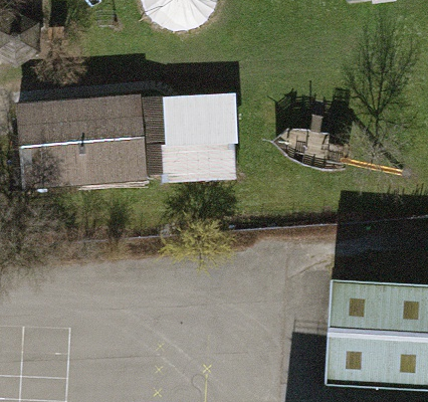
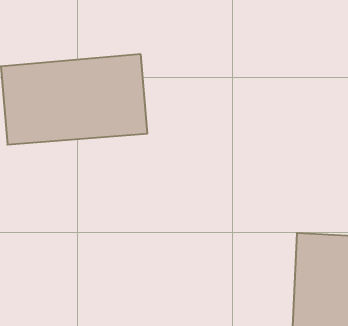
building: [167,86,243,177] -> none

